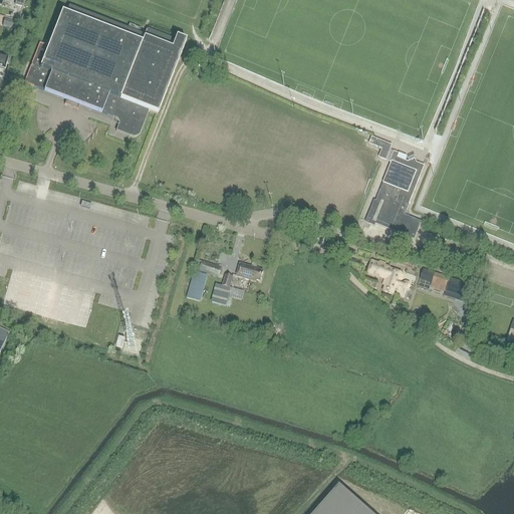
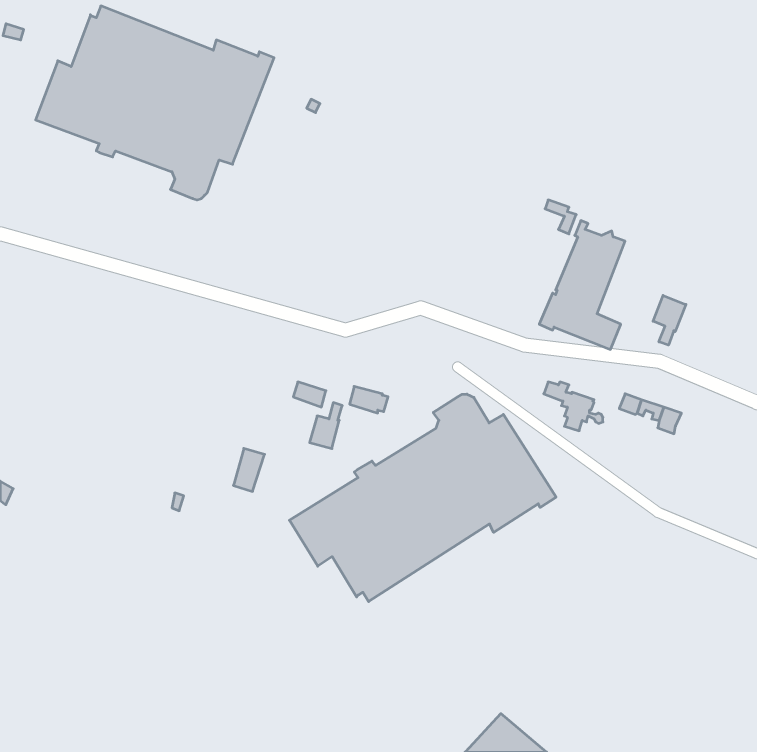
building: none -> [653,295,686,345]
building: none -> [289,394,556,602]
building: [186,270,207,299] -> [233,448,265,491]

